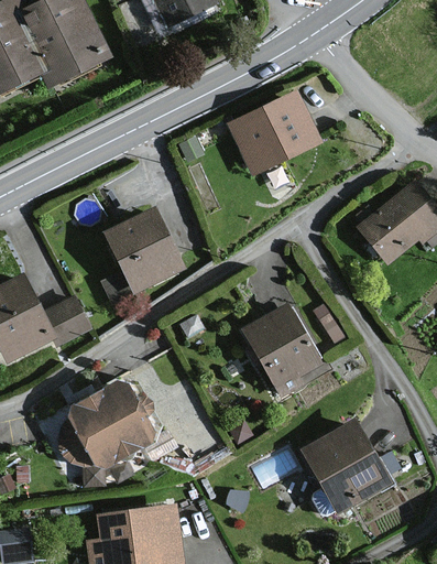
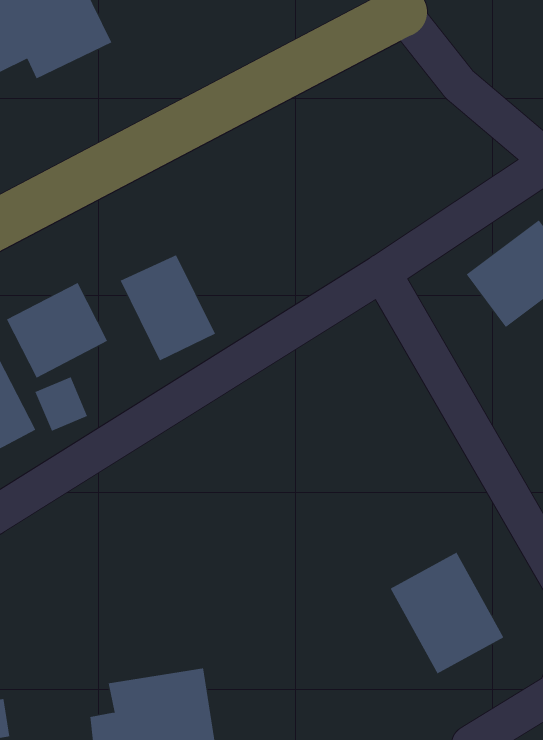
building: [232,94,318,172] -> none
building: none -> [6,282,108,378]
building: [249,307,323,391] -> none
building: [64,381,155,468] -> none

